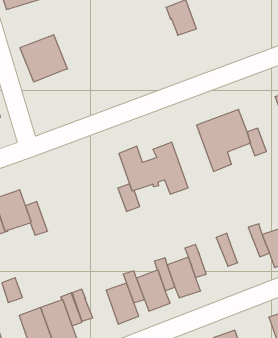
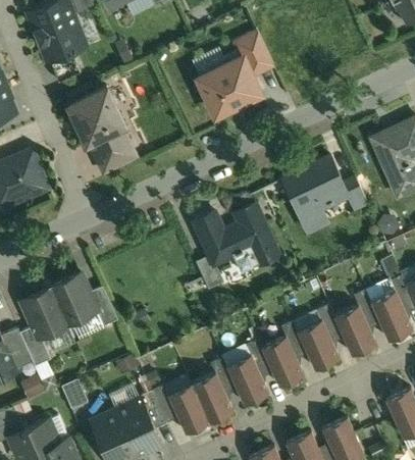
building: none -> [198,57,259,114]
building: none -> [89,127,137,173]
building: none -> [333,307,375,356]
building: none -> [298,321,339,370]
building: none -> [167,384,209,432]

